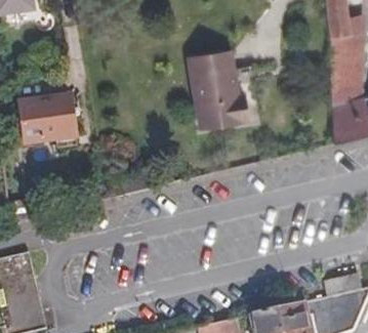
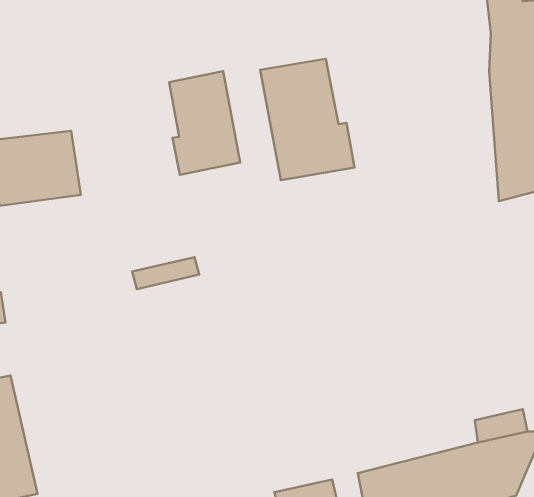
building: none -> [169,71,240,175]

